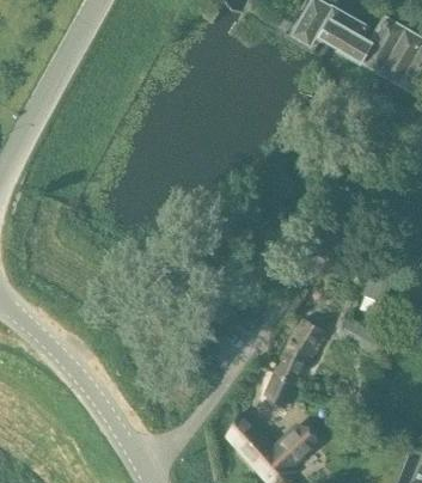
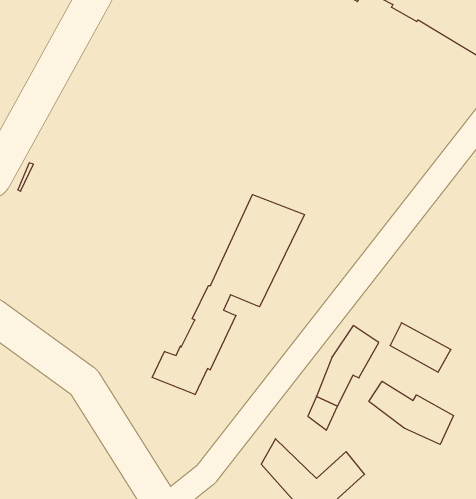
building: none -> [152,195,305,395]
building: none -> [369,381,453,444]

